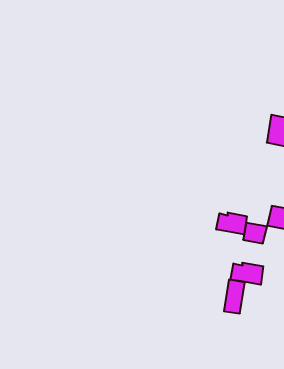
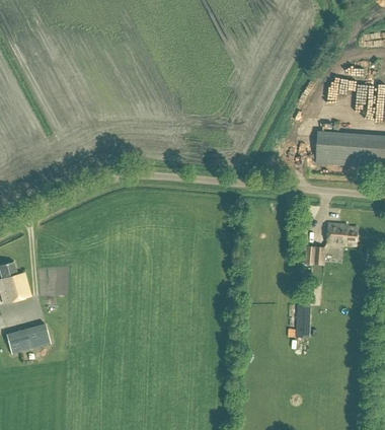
building: [216,212,247,235] -> none
building: [231,263,263,285] -> none

